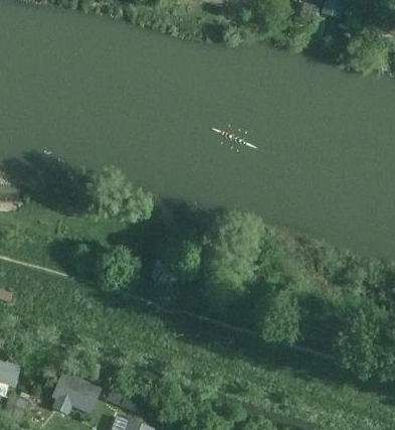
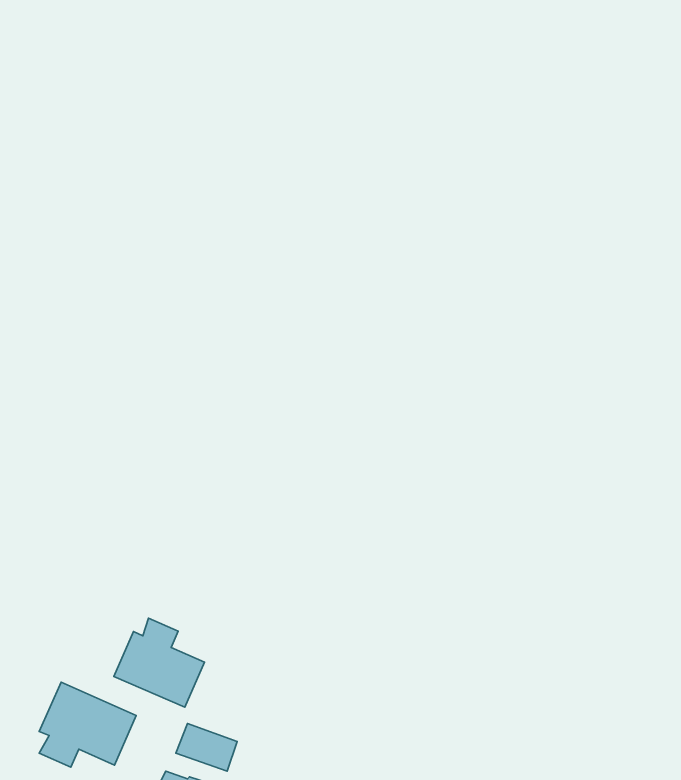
building: none -> [114,618,205,707]

